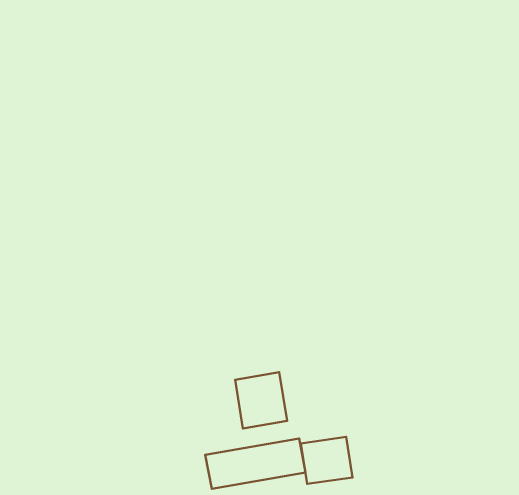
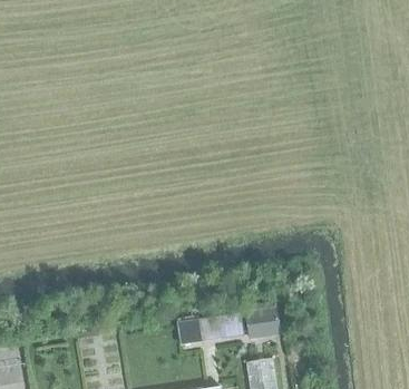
building: [235,372,287,428] -> none

